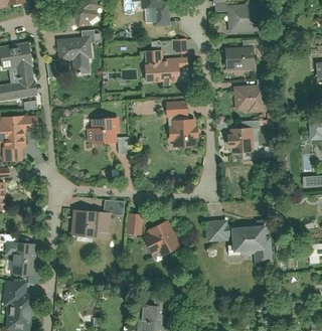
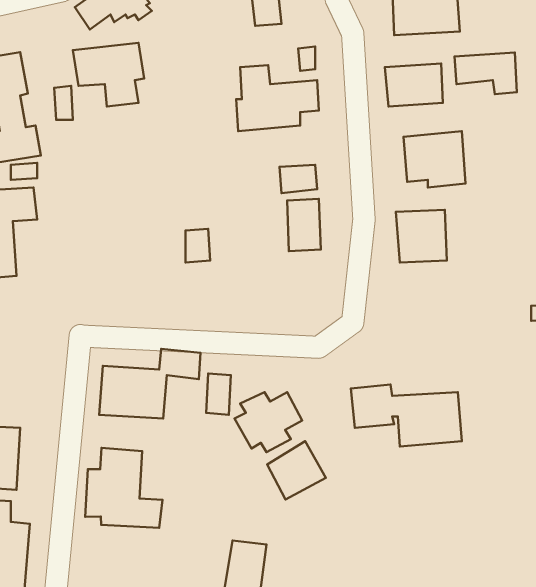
building: none -> [455,52,517,94]
building: [92,117,110,143] -> none
building: none -> [267,441,326,499]
building: none -> [85,448,162,528]

